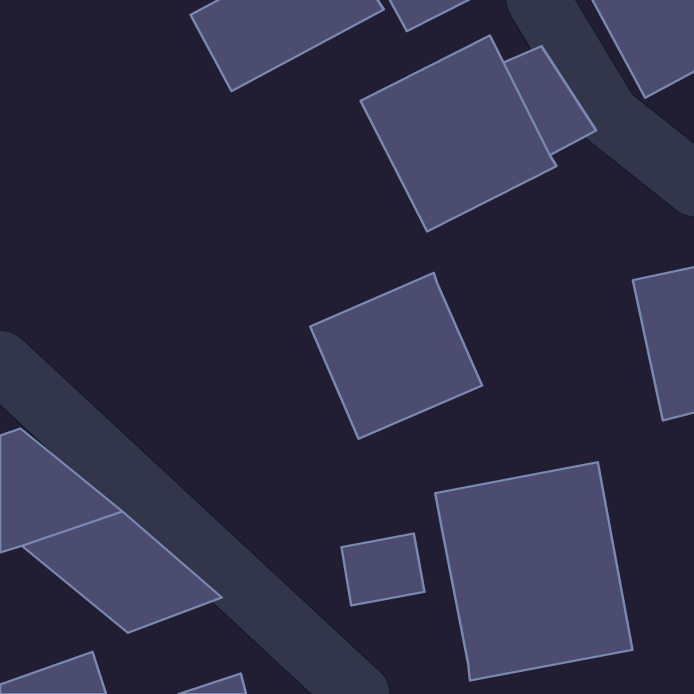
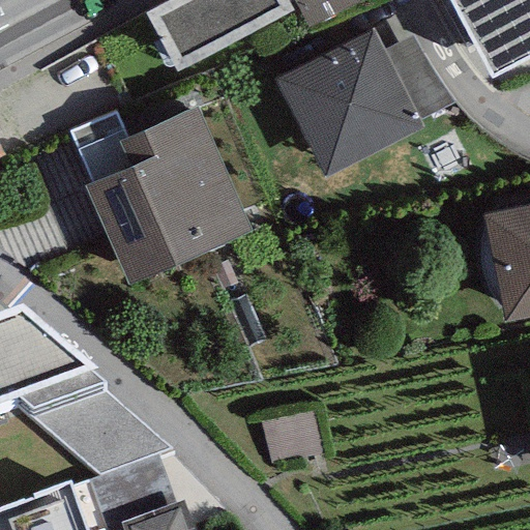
building: none -> [82,107,252,283]
building: [310,273,482,439] -> none
building: [435,462,632,681] -> none

